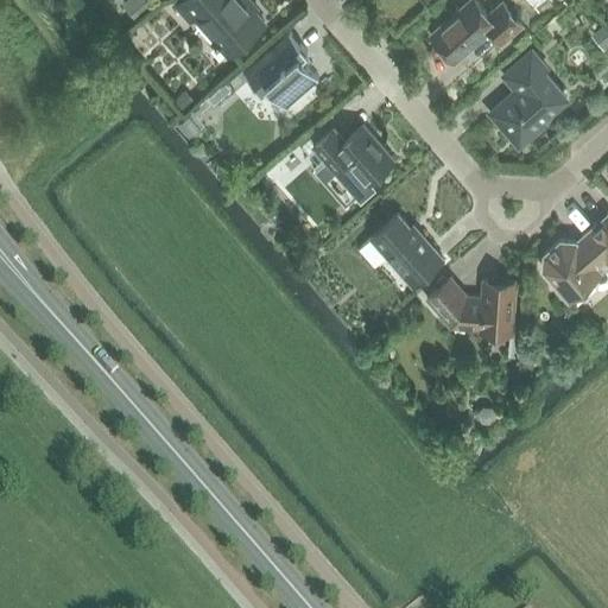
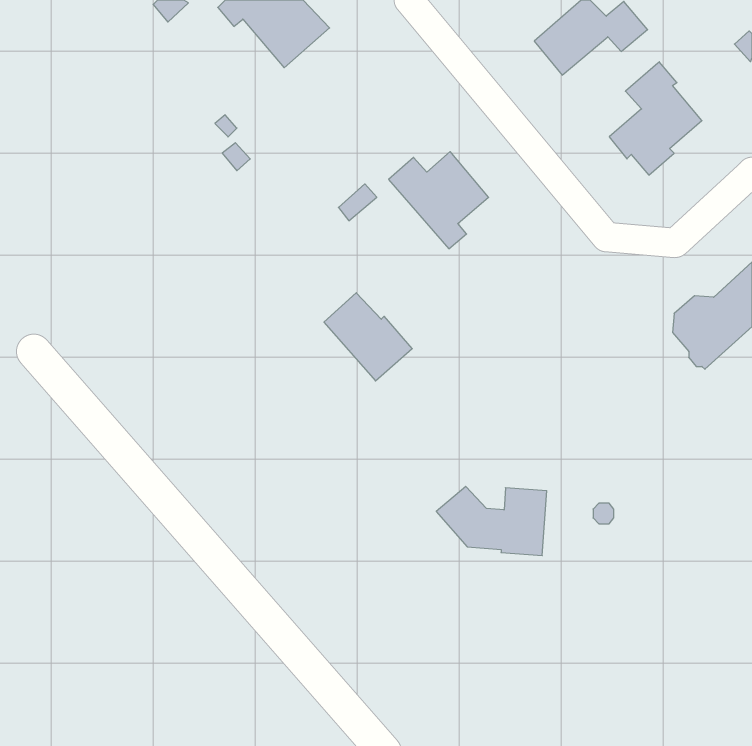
building: [243,36,319,109] -> none
building: [372,217,443,289] -> [324,293,412,381]
building: [428,281,517,337] -> [436,486,547,556]

